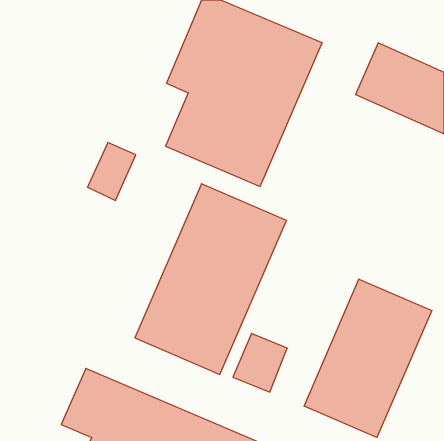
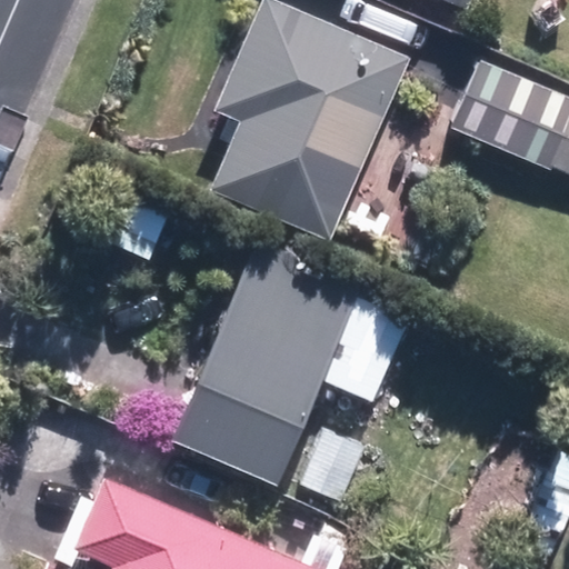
building: [304,279,432,437] -> none

